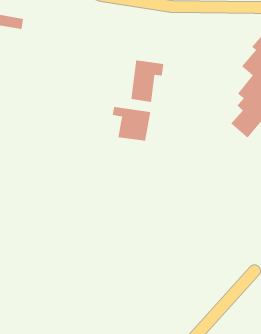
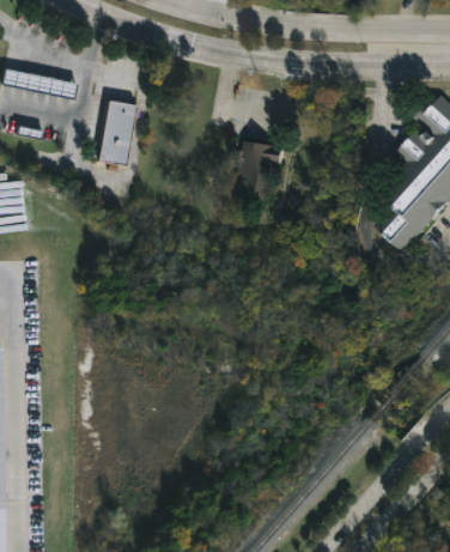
building: none -> [96,102,133,165]
building: [112,106,151,142] -> none

